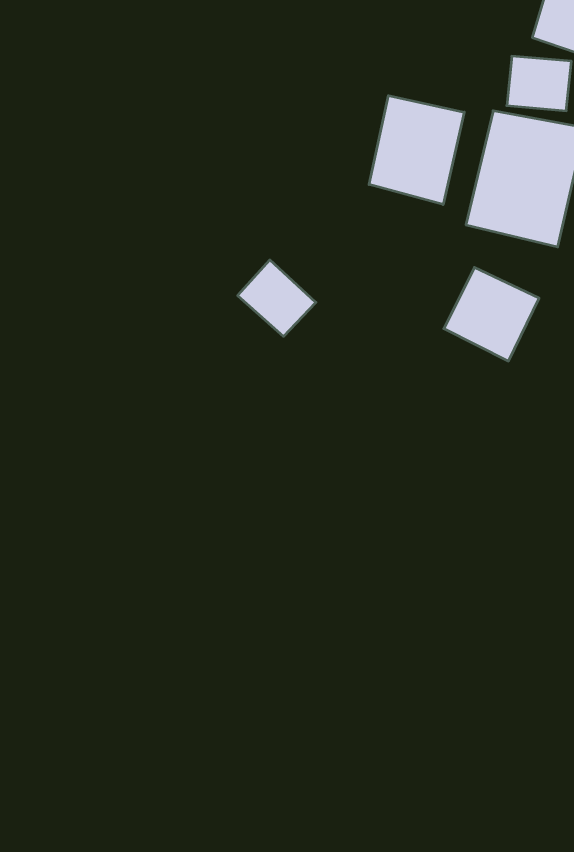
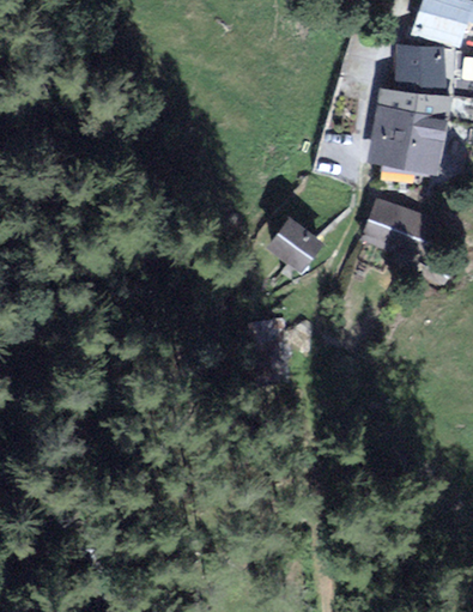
building: [369,96,464,205] -> none
building: [238,260,316,336] -> [271,218,326,272]

